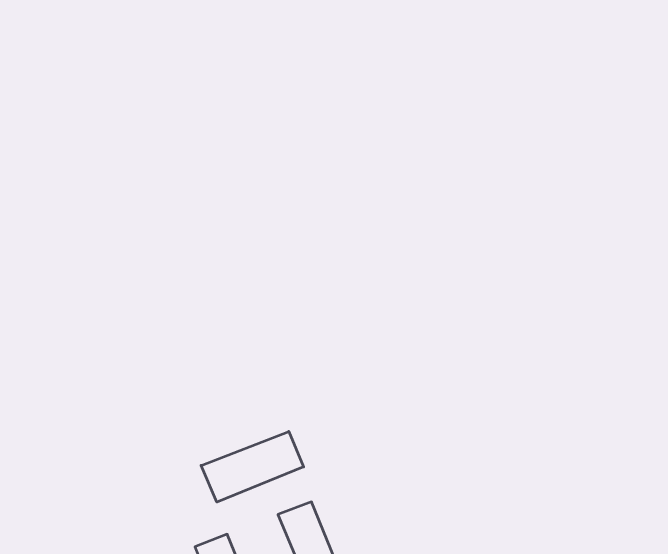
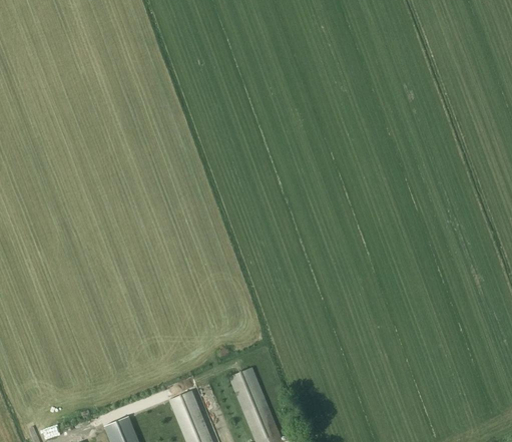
building: [201,431,304,502] -> none

